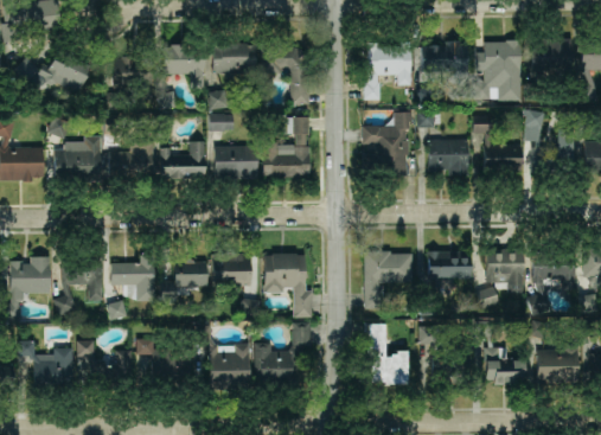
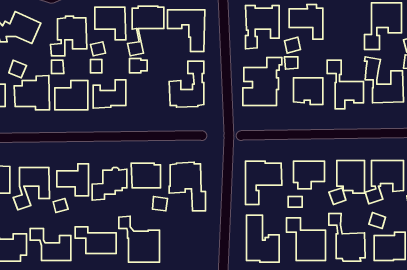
building: [472,40,520,104] -> none
building: [213,146,258,179] -> none
building: [254,321,311,380] -> none

